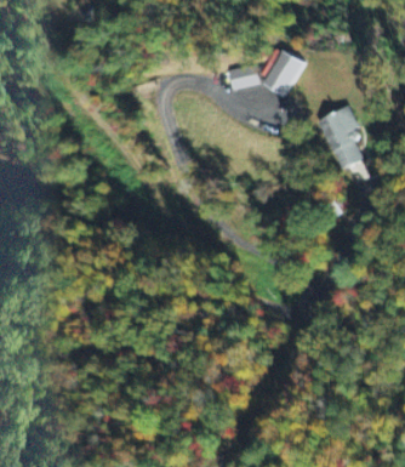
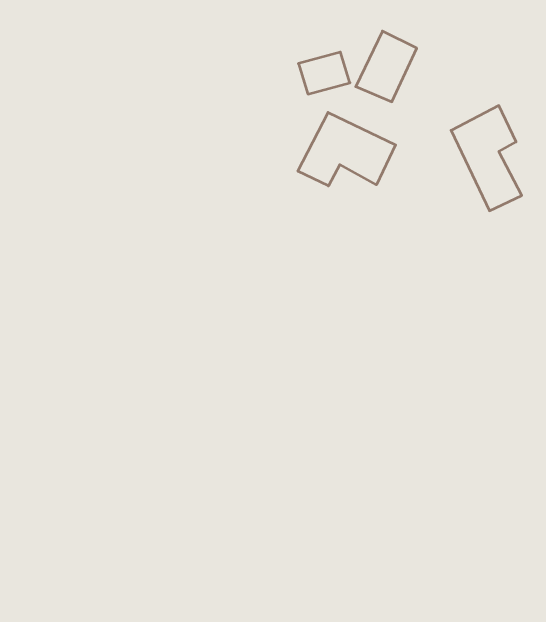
building: none -> [298,112,396,186]

